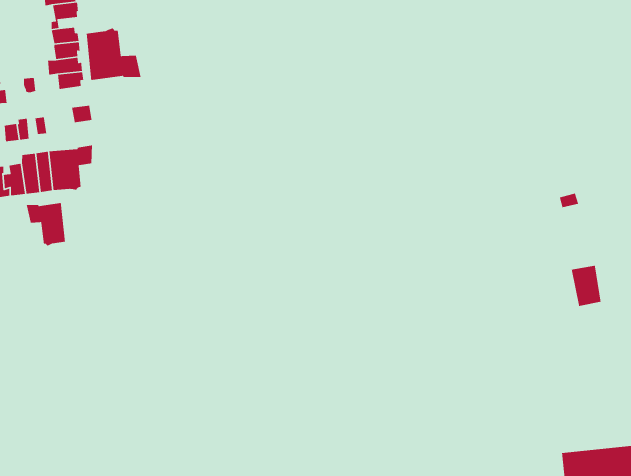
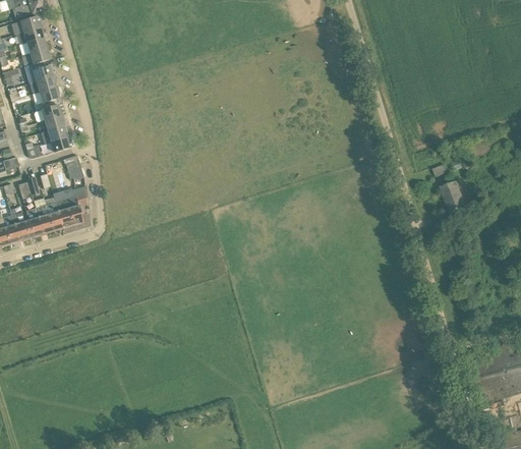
building: [86,27,142,81] -> none
building: [26,202,66,247] -> none
building: [571,265,602,307] -> [441,179,467,212]

